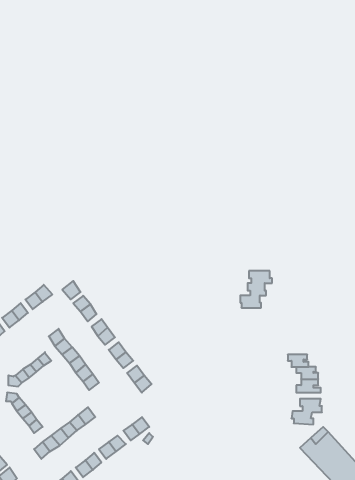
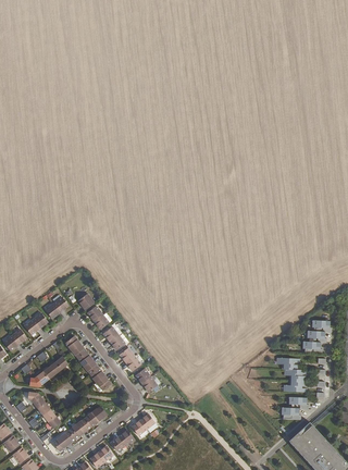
building: [240,271,272,308] -> [301,320,330,352]

